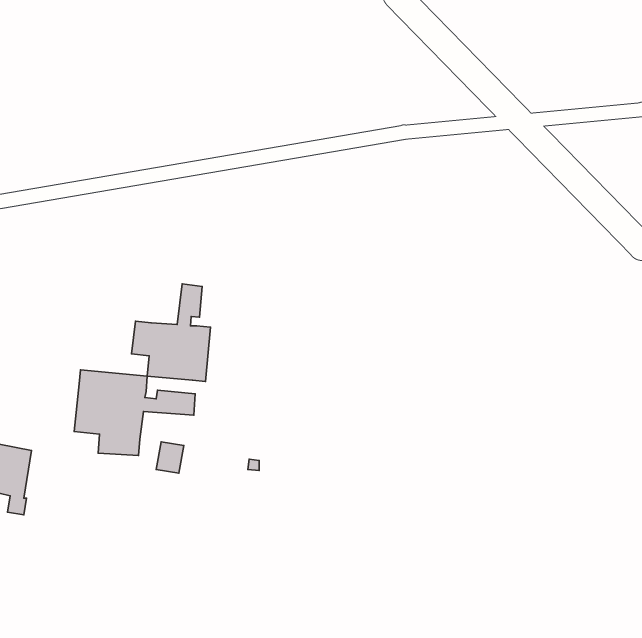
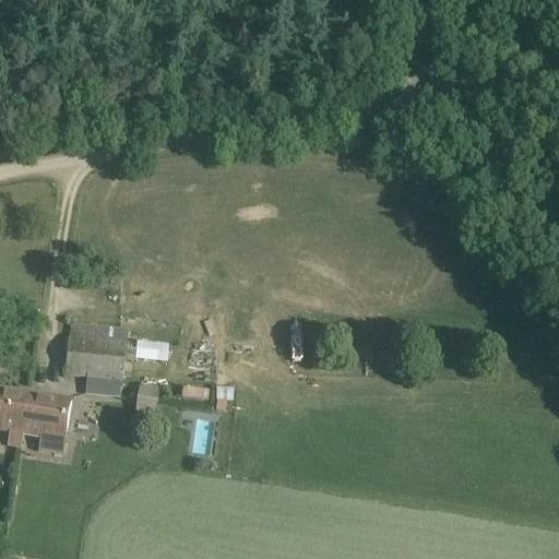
building: [131,284,211,381] -> none
building: none -> [21,391,71,452]

